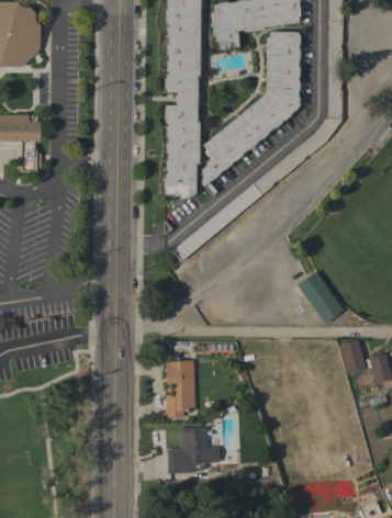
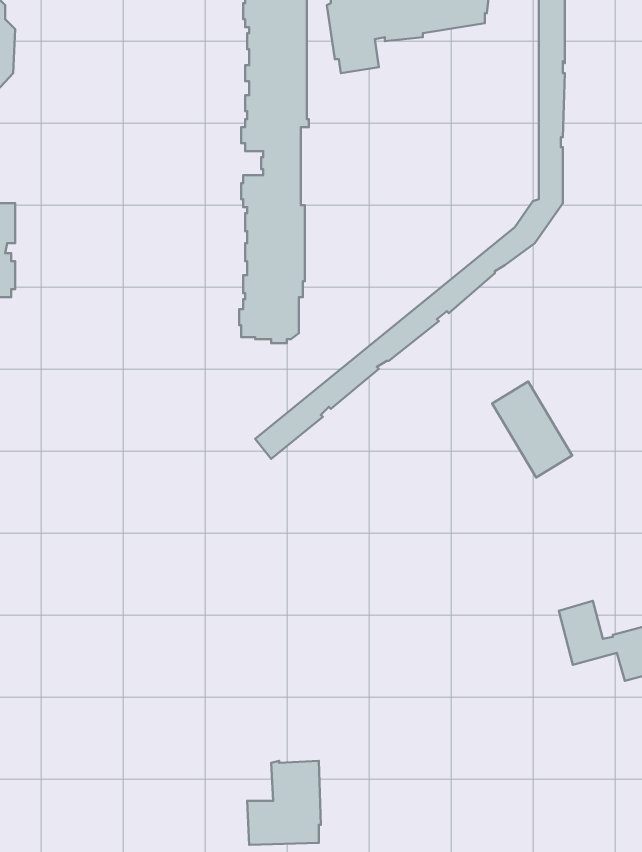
building: [201,32,300,196] -> none
building: [298,271,341,324] -> [492,382,572,478]
building: [166,360,195,418] -> none

